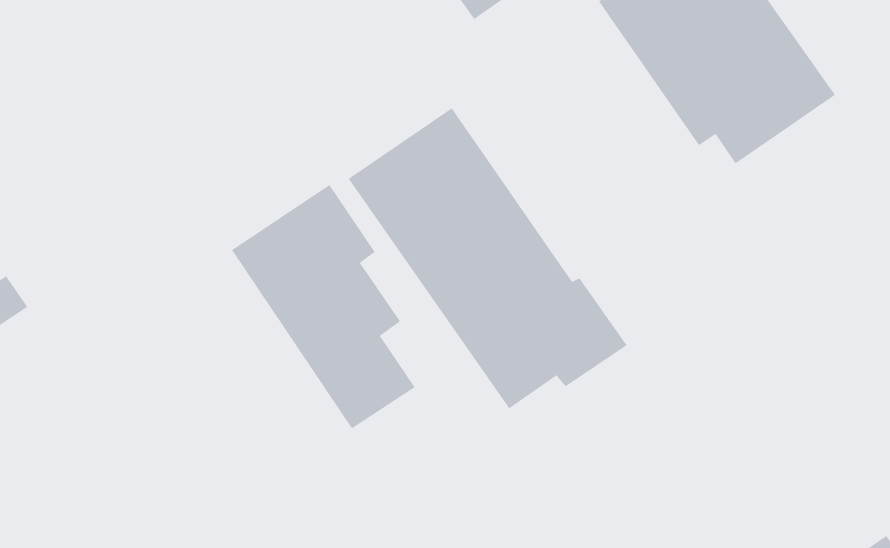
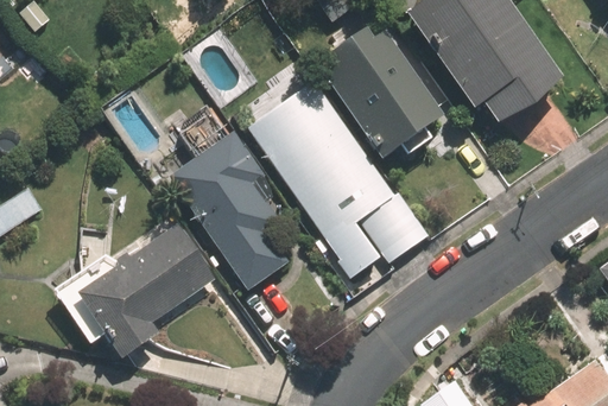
building: none -> [327,25,443,153]
building: none -> [78,222,215,356]

